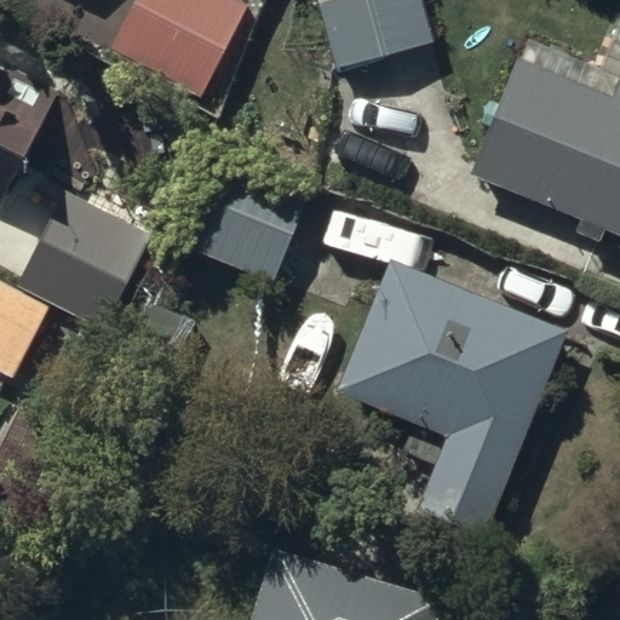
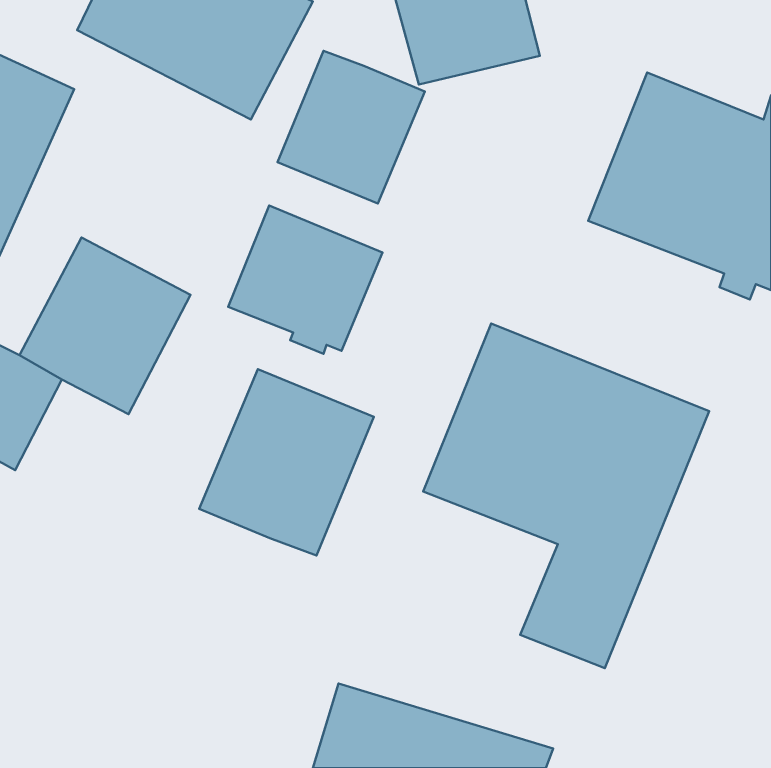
building: none -> [277,51,425,204]
building: none -> [199,369,374,555]

